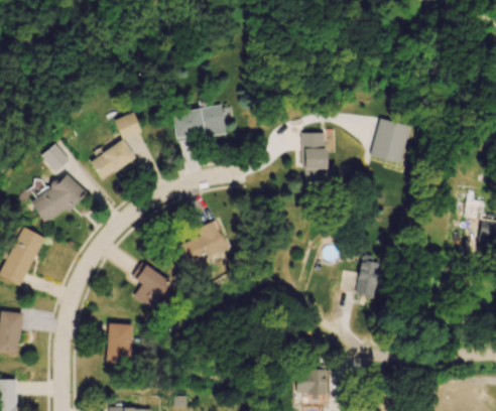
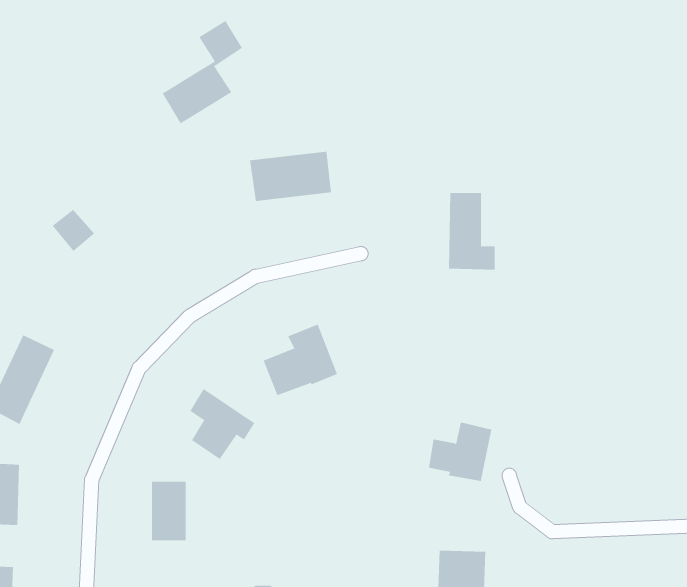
building: [90,111,143,179] -> [162,20,243,124]
building: [372,118,410,163] -> none
building: [32,172,86,225] -> none
building: [341,258,383,297] -> [428,422,492,481]

